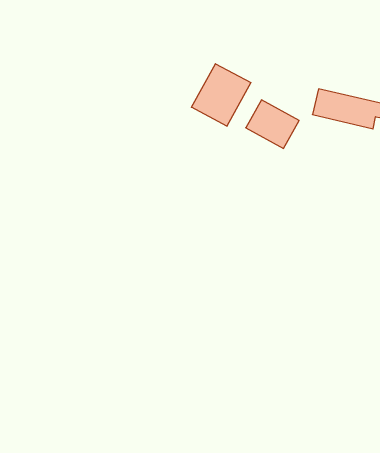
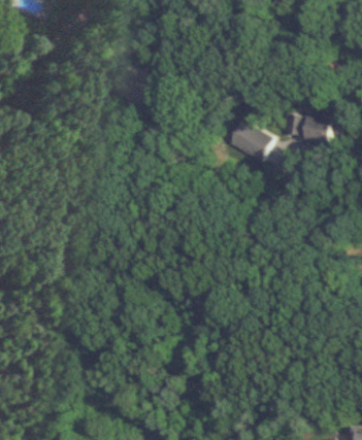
building: [191,64,251,126] -> none

